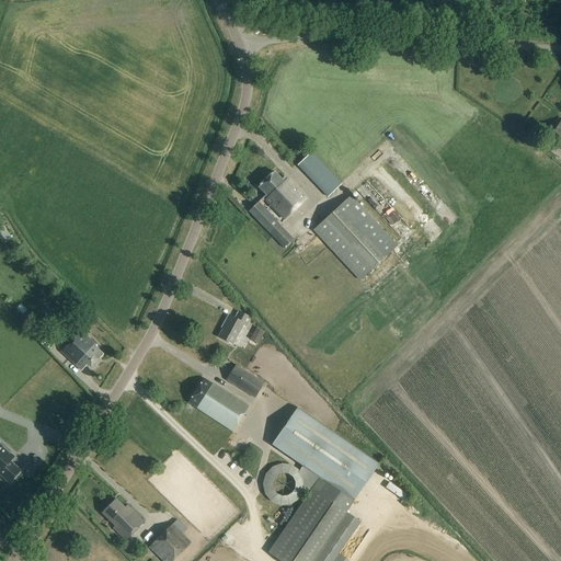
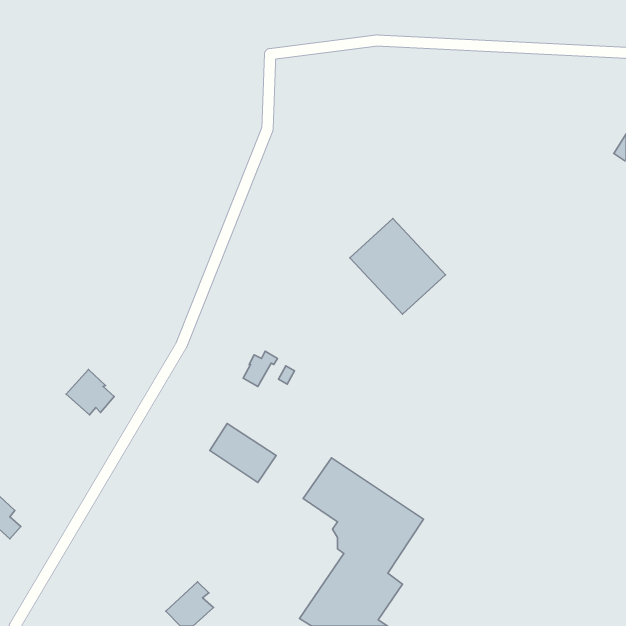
building: [299,149,344,194] -> none
building: [248,172,305,248] -> none
building: [225,365,263,398] -> none
building: [101,499,144,541] -> none

